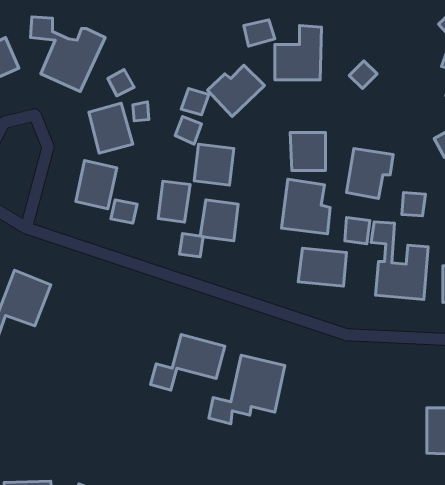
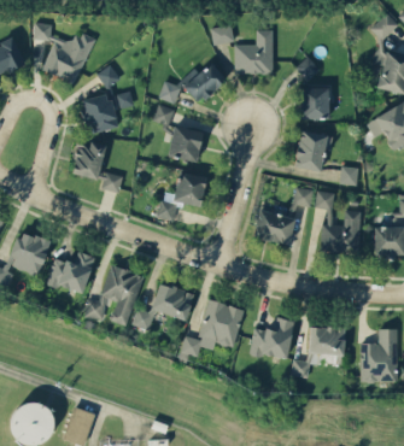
building: [290,132,325,170] -> [300,88,329,119]
building: [282,179,330,234] -> none
building: [158,181,190,222] -> none
building: none -> [47,251,95,294]
building: none -> [84,265,144,325]
building: none -> [250,318,293,358]
building: none -> [291,325,346,377]

